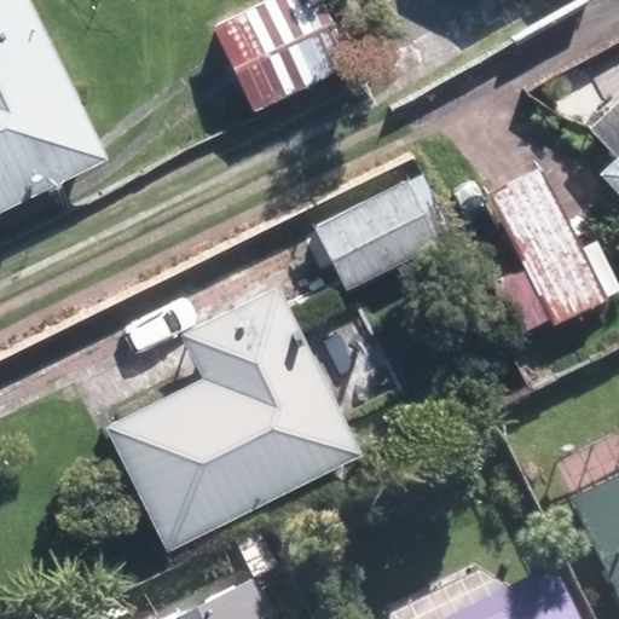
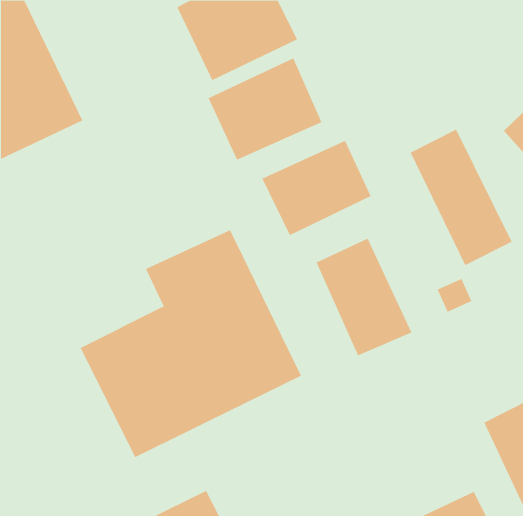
building: none -> [208,57,322,160]
building: none -> [316,238,412,356]

